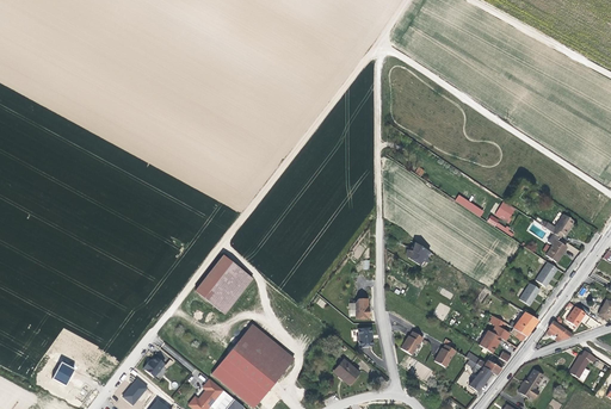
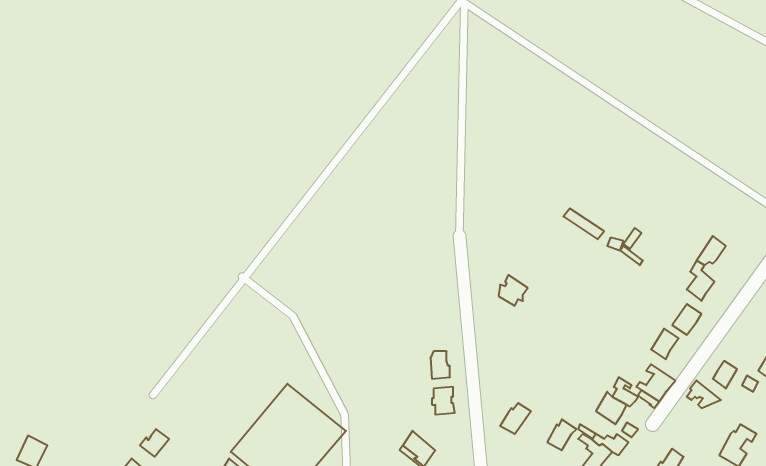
building: [195,255,251,312] -> none

